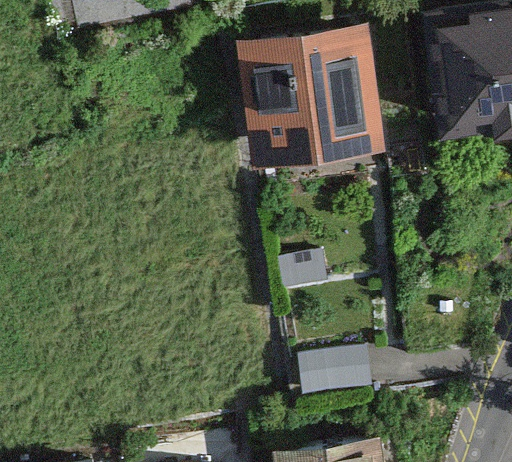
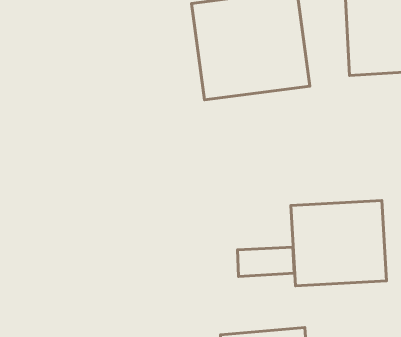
building: none -> [291,200,386,286]

